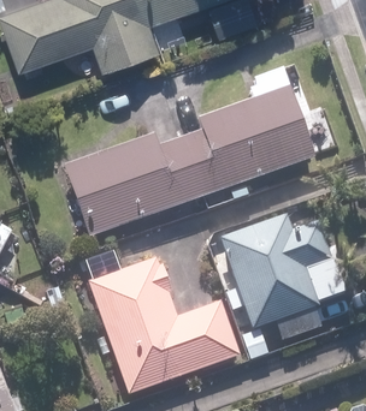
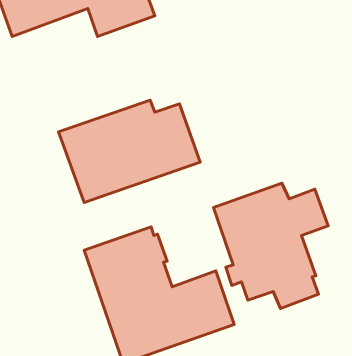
building: [183,87,314,208] -> none

